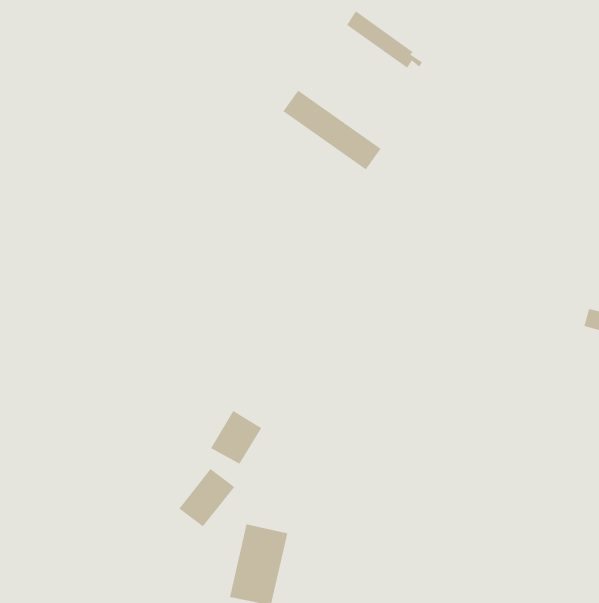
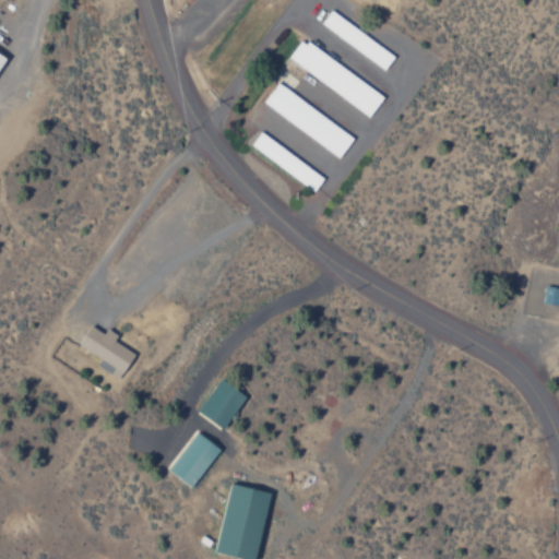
building: none -> [290,38,386,118]
building: none -> [252,133,328,192]
building: none -> [80,326,135,380]

